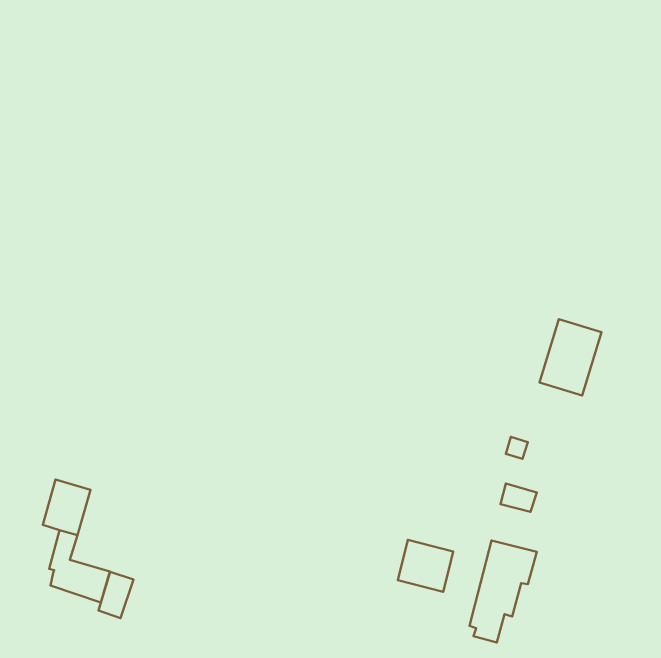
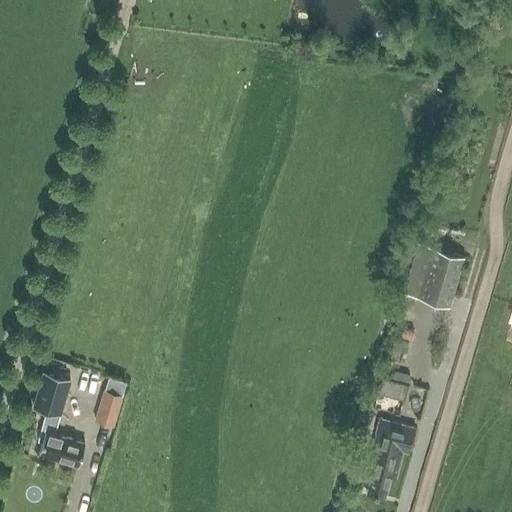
building: [398,540,453,592] -> none
building: [98,572,133,618] -> [94,391,121,427]

